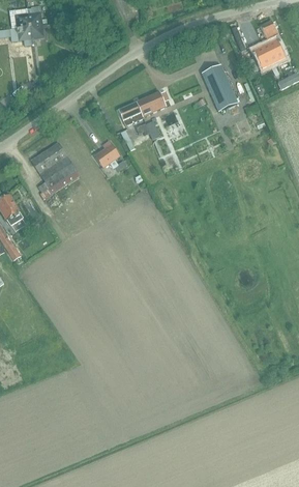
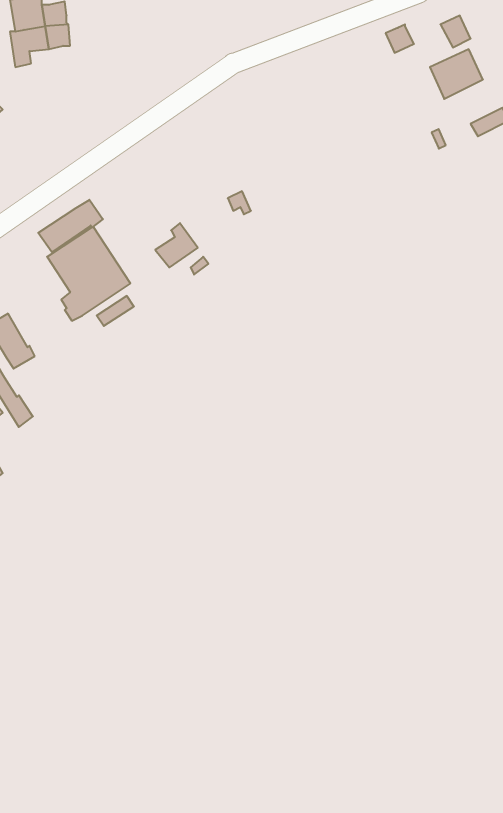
building: [202,63,237,110] -> none
building: [118,90,168,124] -> none
building: none -> [38,200,103,252]

